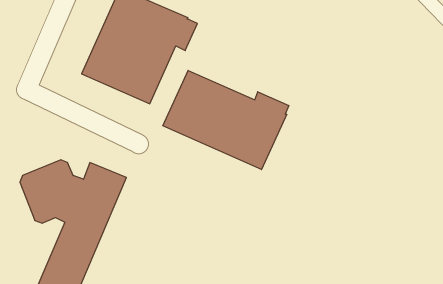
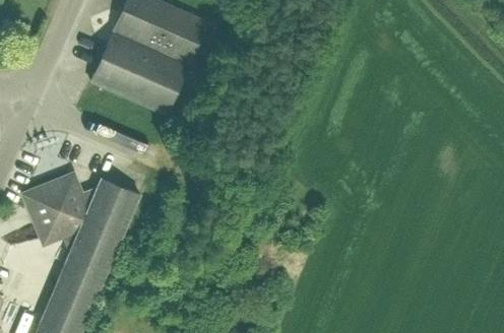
building: [163,70,289,170] -> none

